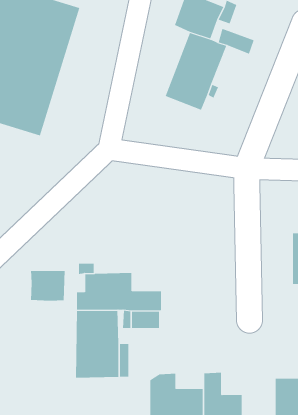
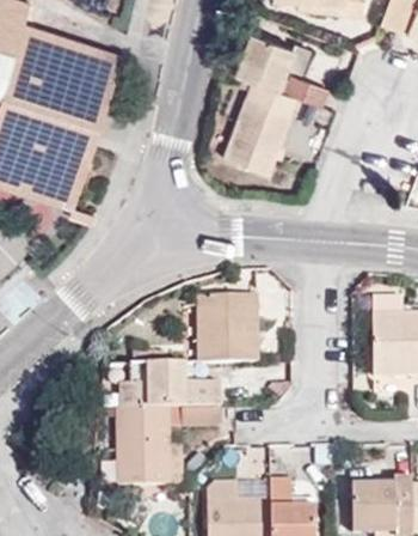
building: none -> [197,297,257,363]
building: [31,270,65,302] -> none

